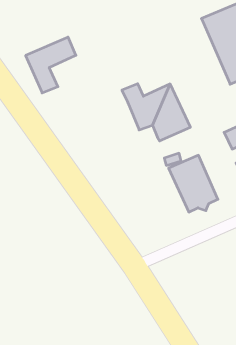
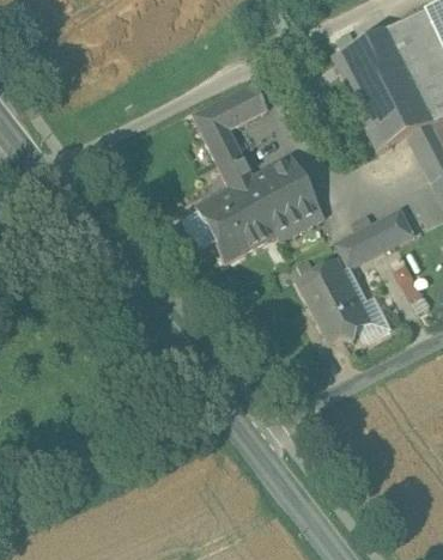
building: [26,37,76,93] -> [194,83,268,168]
building: none -> [182,185,278,261]
building: none -> [339,221,389,266]

